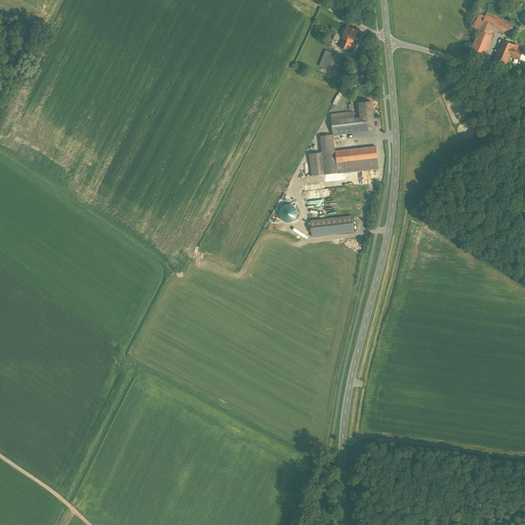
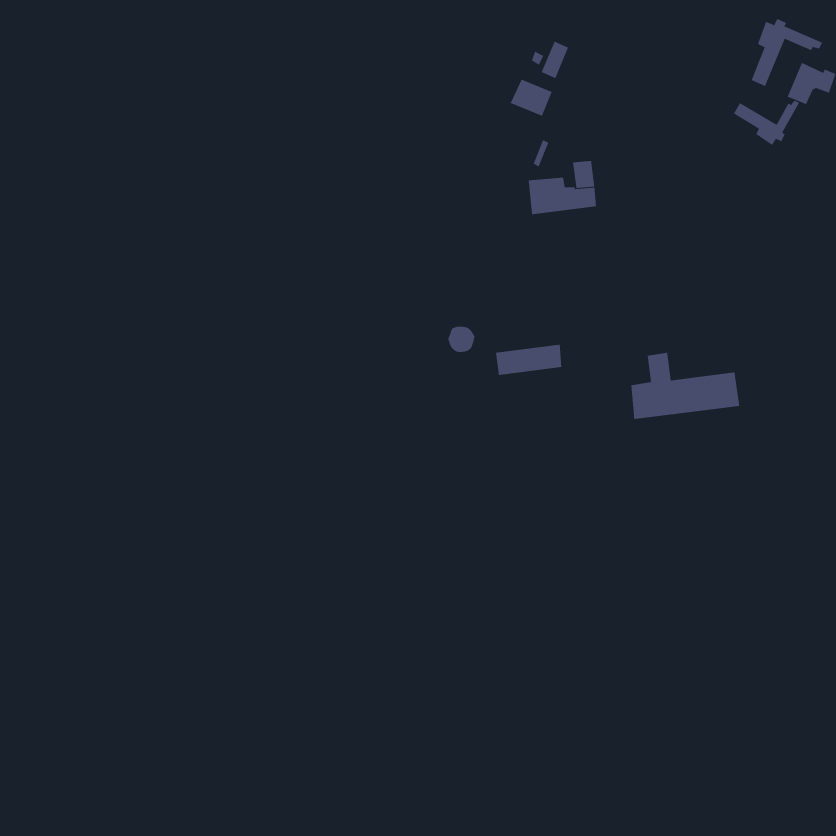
building: none -> [733,100,800,146]
building: [309,133,377,175] -> [630,352,740,419]

